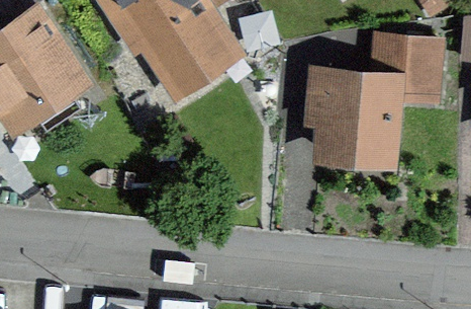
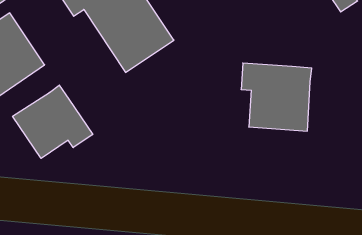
building: [377,43,444,108] -> none
building: none -> [13,85,93,158]

